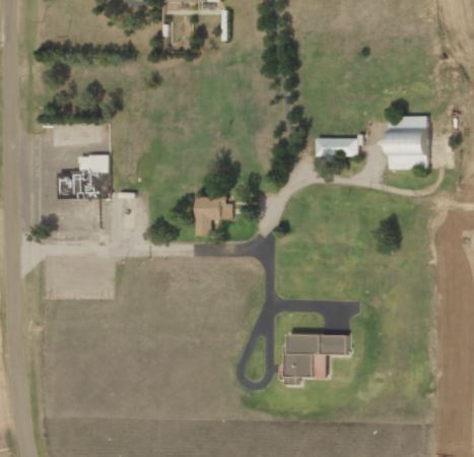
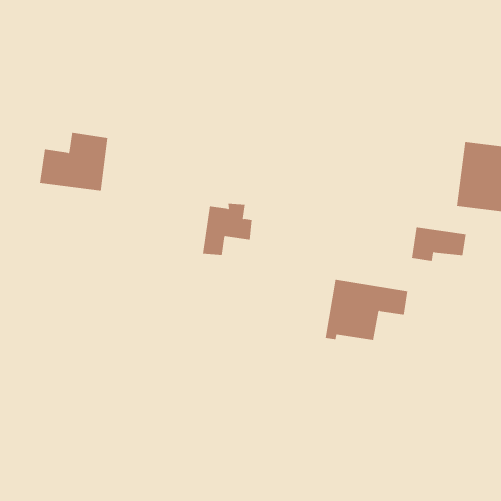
building: [317,138,357,164] -> [411,227,466,262]
building: [286,334,346,382] -> [325,279,408,340]

